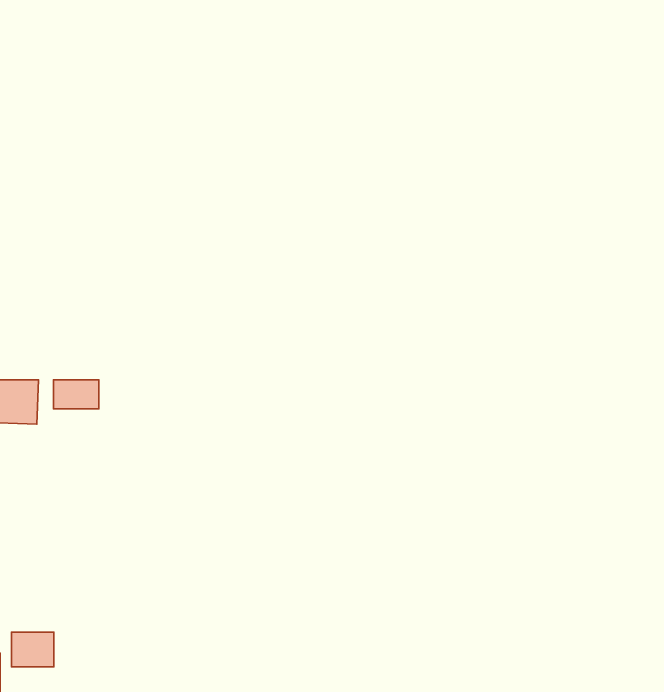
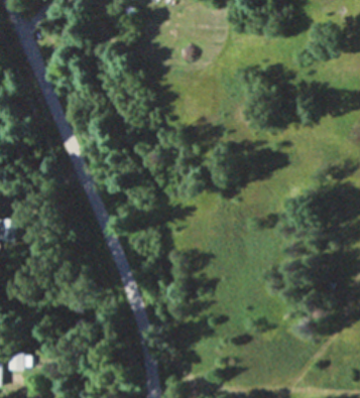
building: [54,380,99,409] -> none

